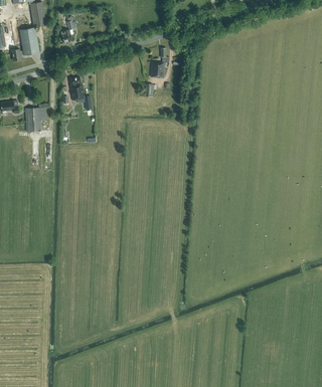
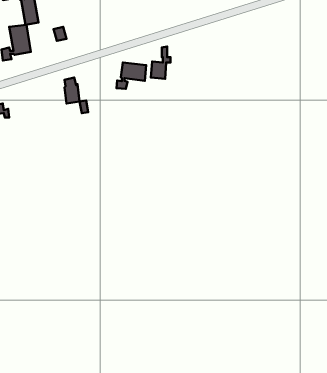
building: none -> [117,63,146,89]
building: [25,105,43,131] -> none

